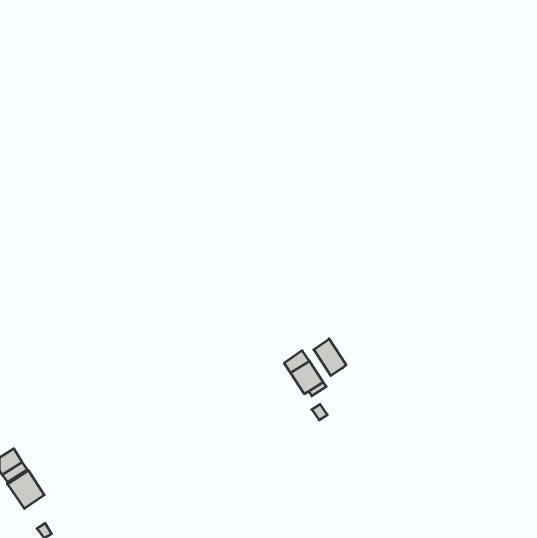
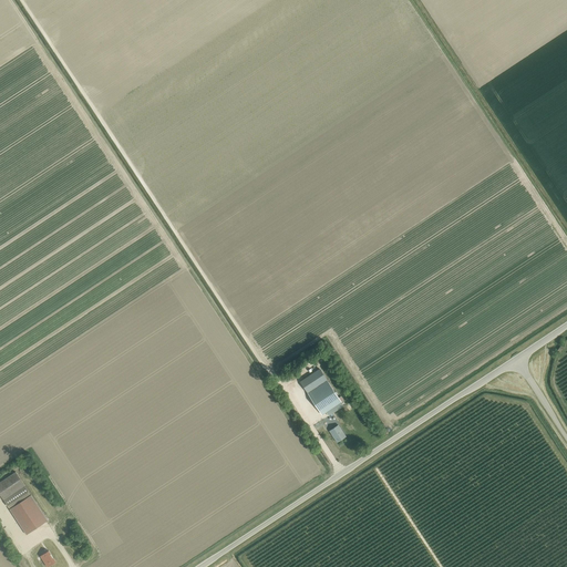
building: [314,339,346,376] -> none

